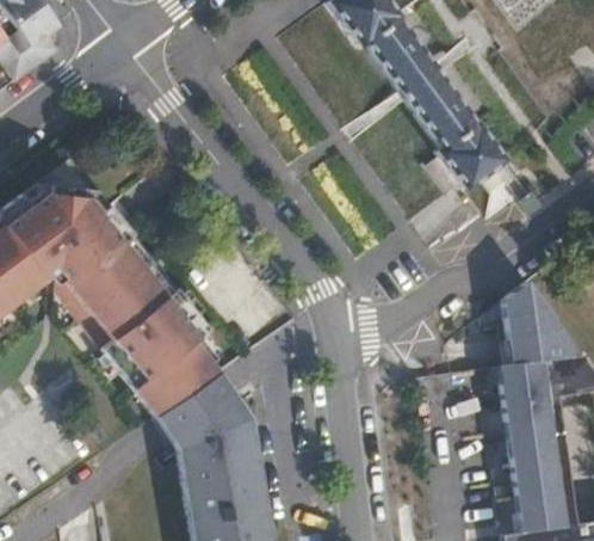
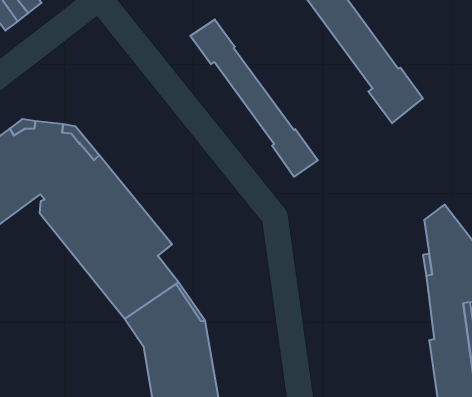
building: none -> [190,19,318,177]

